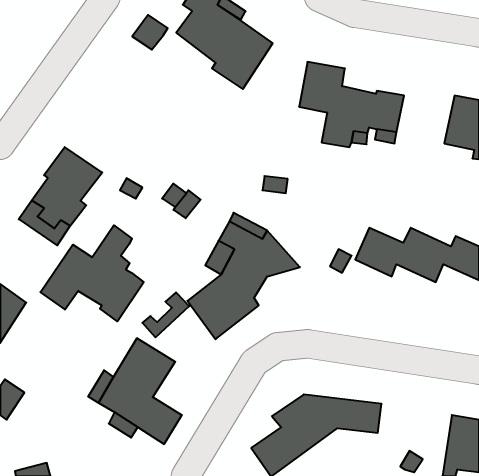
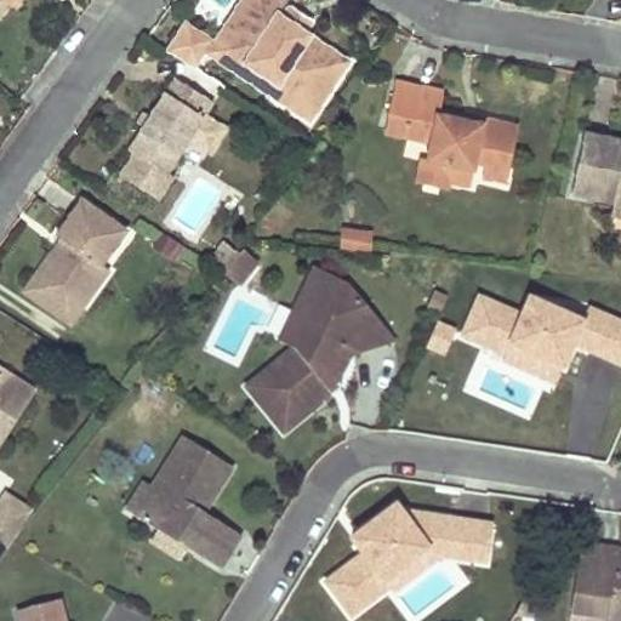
building: none -> [211,6,279,89]
building: none -> [120,72,218,198]
building: [40,225,144,321] -> none
building: [142,292,189,337] -> none

